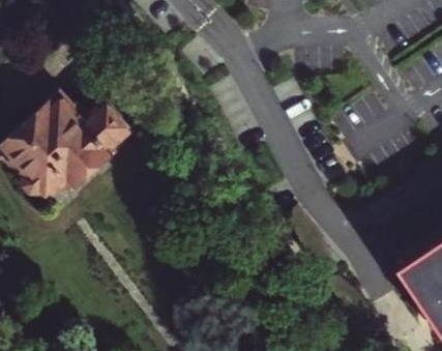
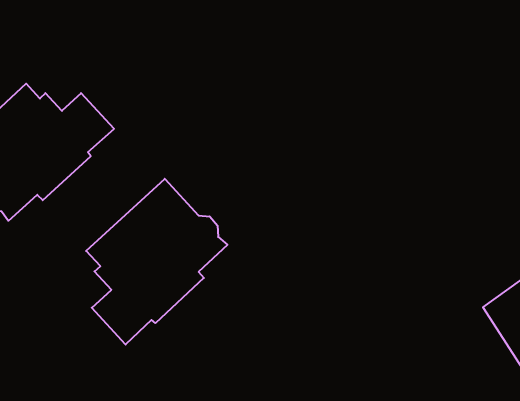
building: none -> [86,179,227,345]

